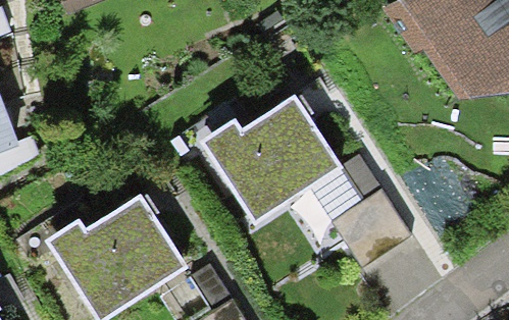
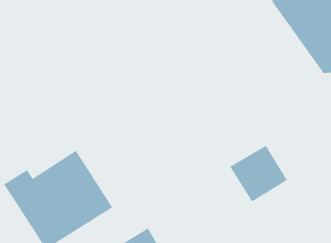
building: [199,99,340,224] -> none

